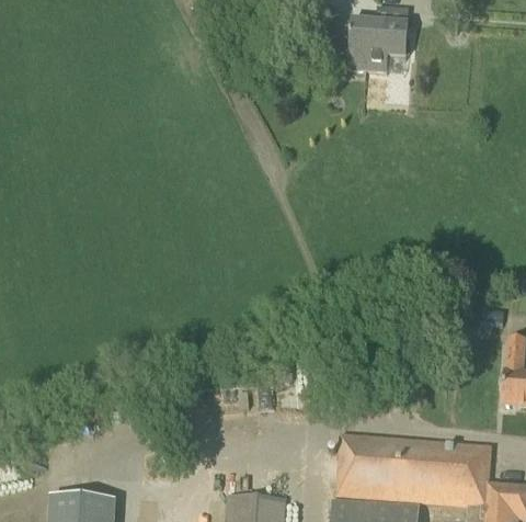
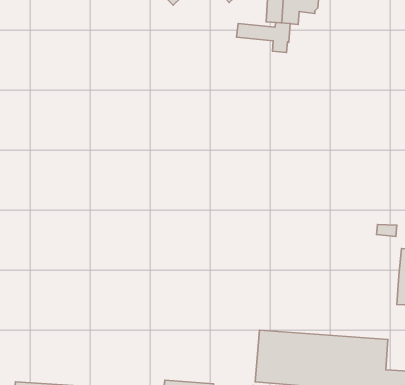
building: none -> [236,22,290,52]

